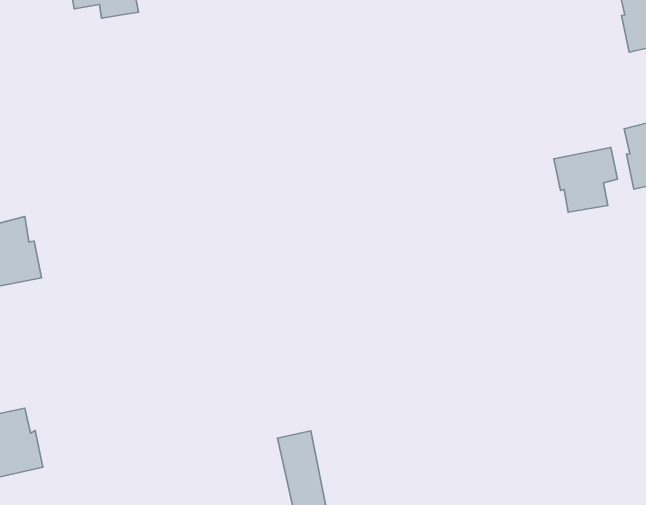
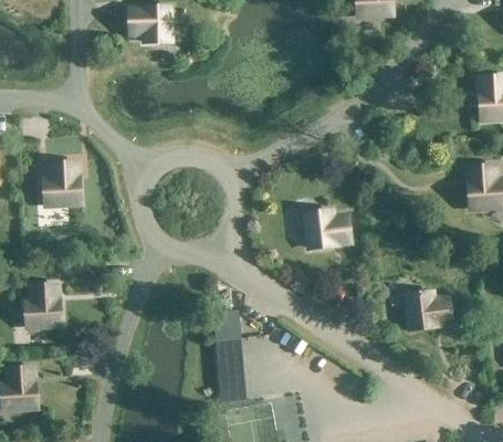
building: [554,148,617,212] -> none
building: none -> [305,210,349,248]
building: none -> [407,292,450,329]

